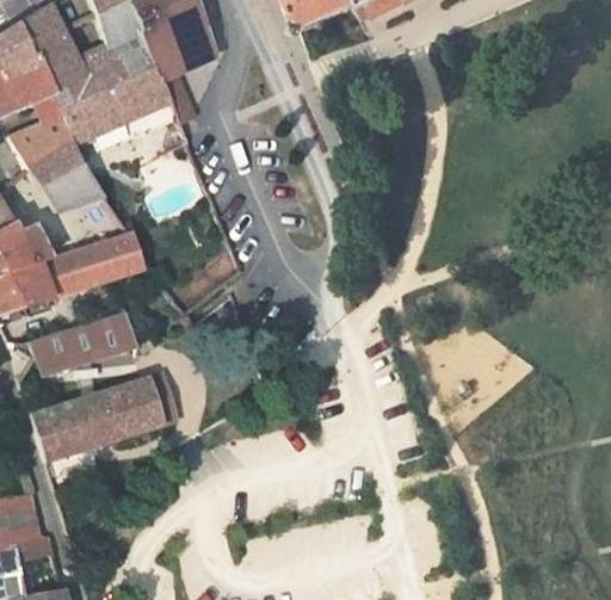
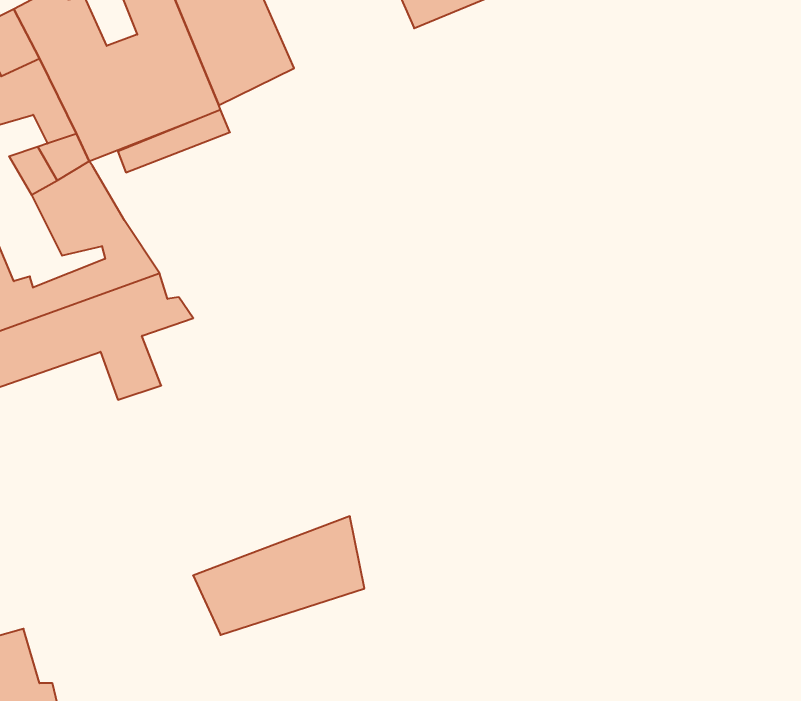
building: [17,310,144,363] -> none
building: [29,370,156,458] -> [193,516,364,635]

